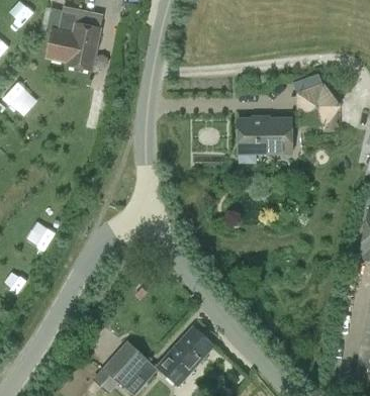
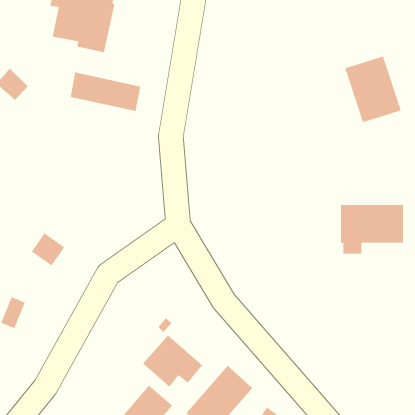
building: none -> [70,72,141,112]
building: [238,120,290,162] -> [340,204,404,255]
building: none -> [142,335,203,388]

